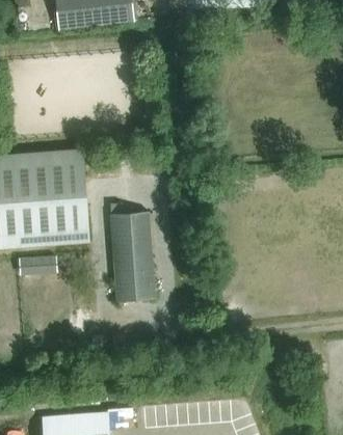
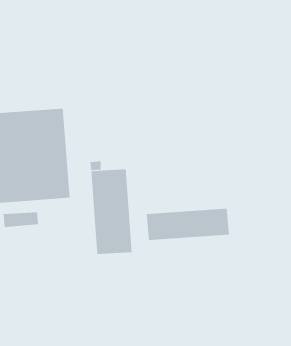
building: none -> [146,208,230,241]

